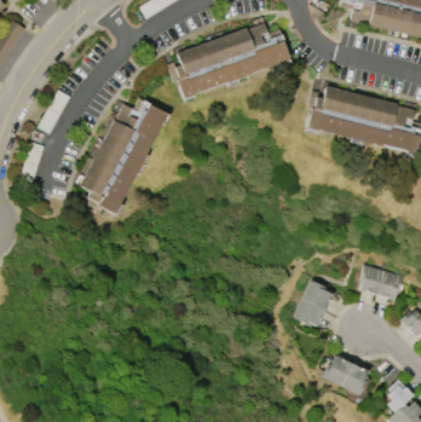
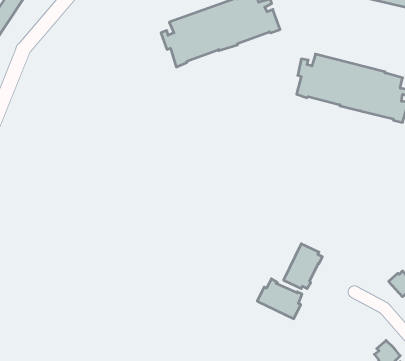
building: [79,98,167,215] -> none
building: [358,265,404,301] -> none
building: [322,354,368,395] -> [257,279,302,319]

